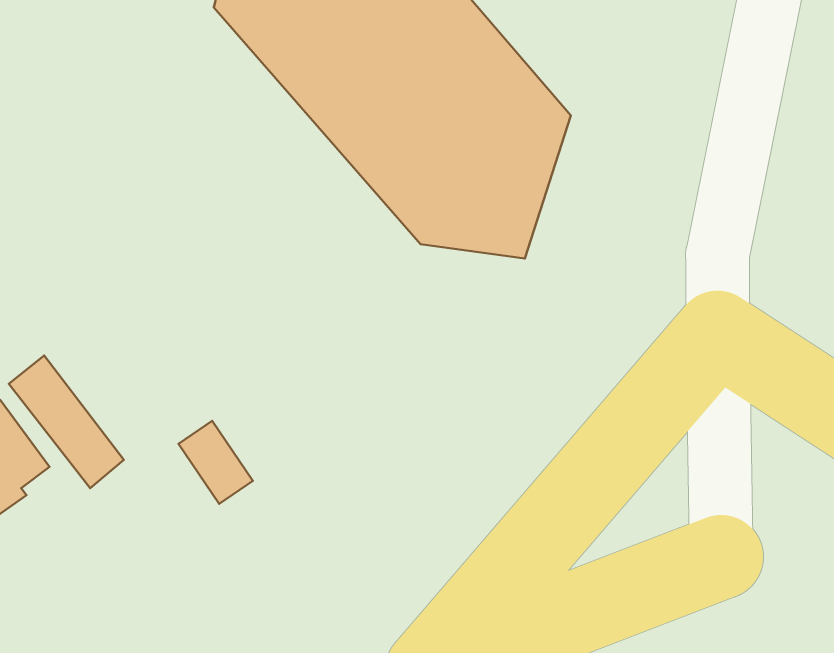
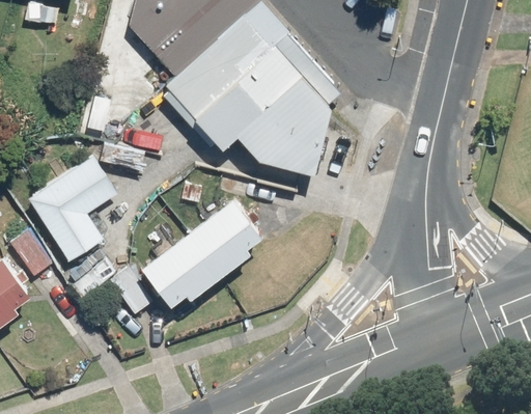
building: none -> [29,158,119,264]
building: none -> [141,197,261,307]

